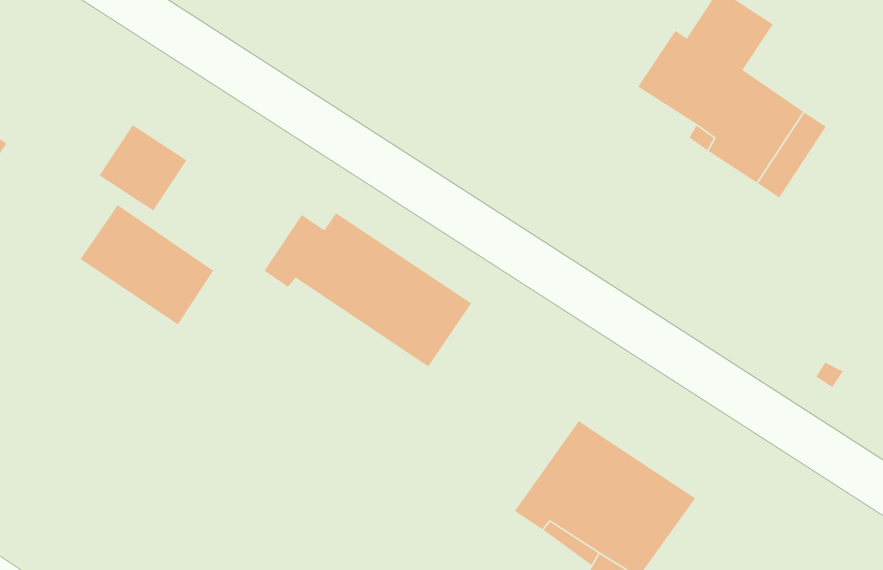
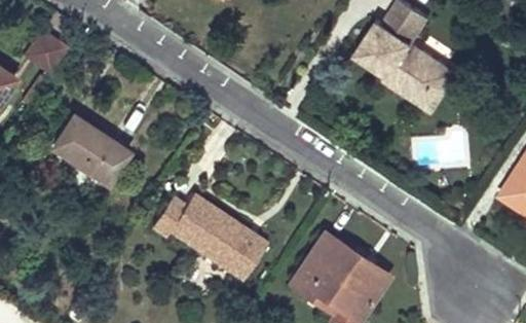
building: [99,124,188,211] -> [21,26,69,73]
building: [264,212,472,368] -> [153,193,266,278]

